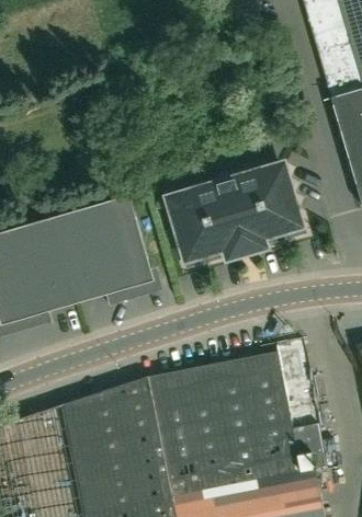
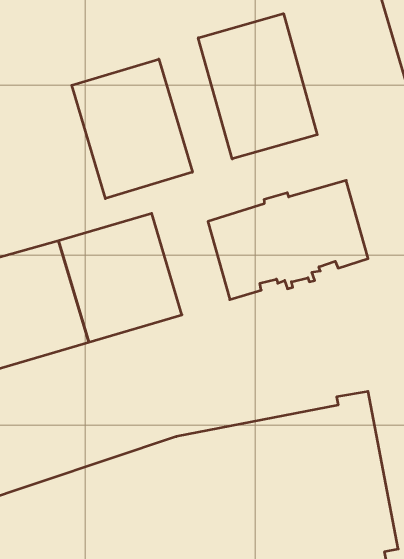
building: none -> [198,14,317,159]
building: none -> [72,59,192,199]

